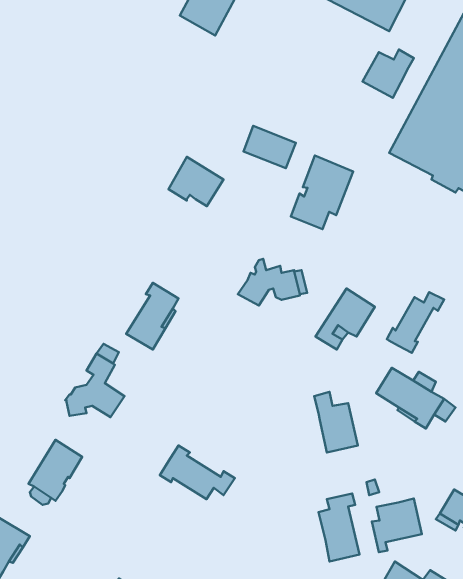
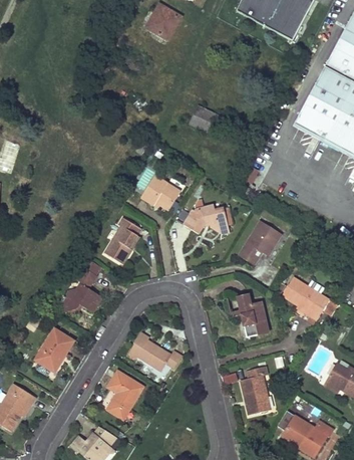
building: [363,50,414,98] -> none
building: [291,155,353,229] -> none
building: [168,157,224,206] -> [141,175,181,210]
building: [387,292,444,353] -> none
building: [372,498,422,552] -> none
building: none -> [107,371,143,419]

